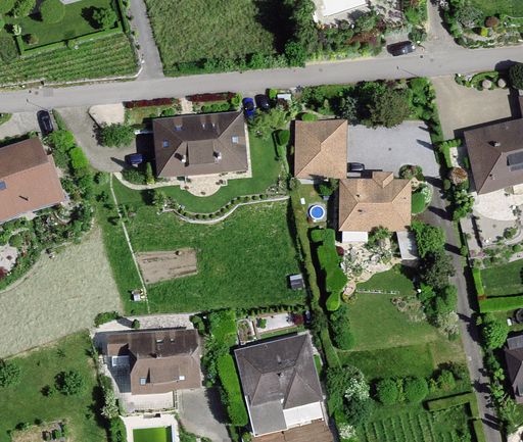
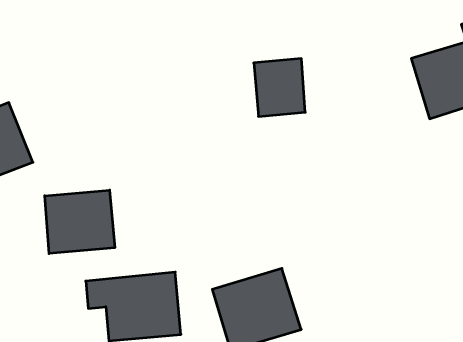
building: [149,109,247,180] -> none
building: [341,181,411,233] -> none
building: none -> [45,190,115,254]

